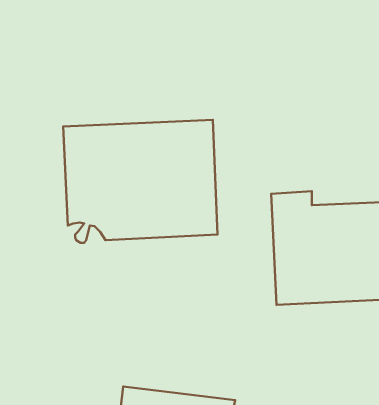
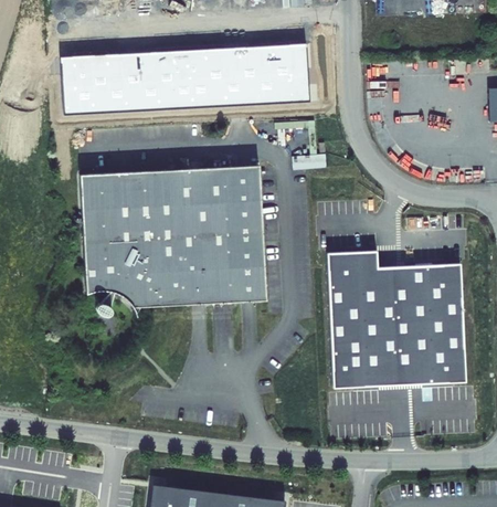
building: none -> [59,42,308,114]

